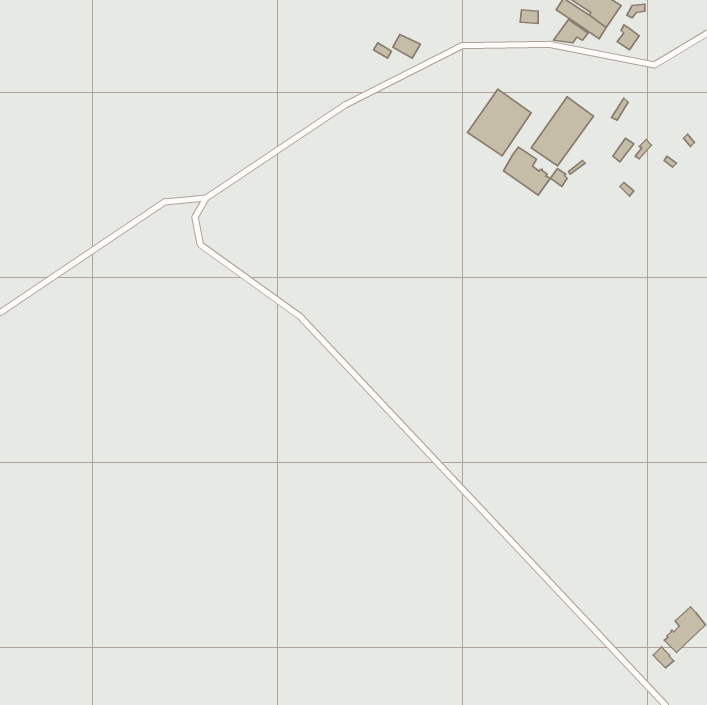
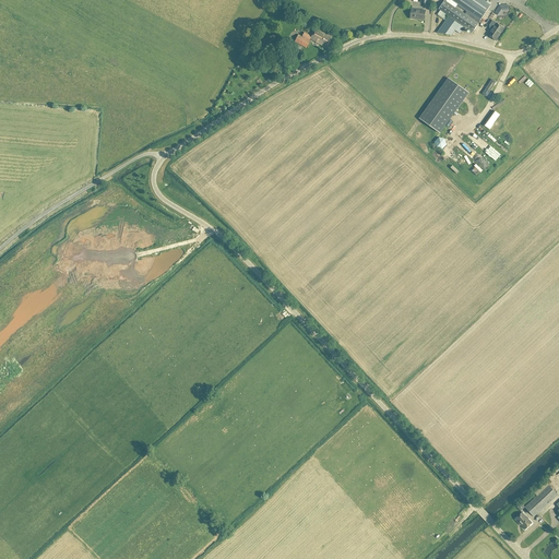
building: [467,89,531,156] -> none
building: [504,147,551,195] -> none

